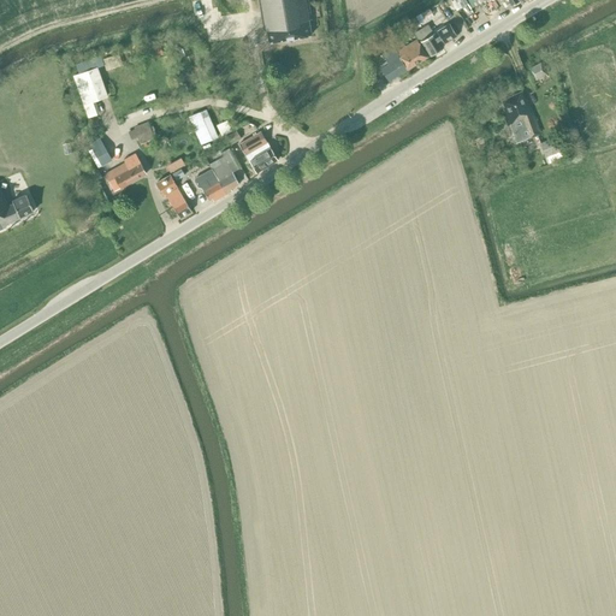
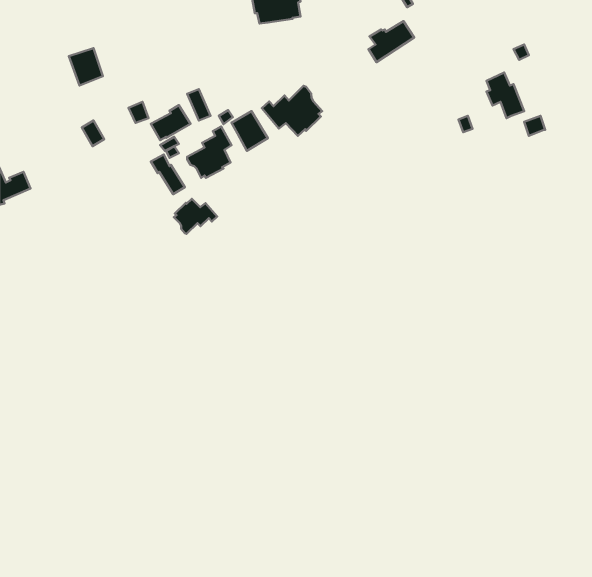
building: [414,23,457,54] -> none
building: none -> [262,86,322,136]
building: [105,154,146,190] -> [151,105,191,140]
building: none -> [174,199,217,234]

